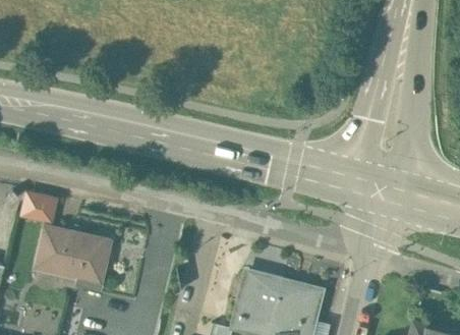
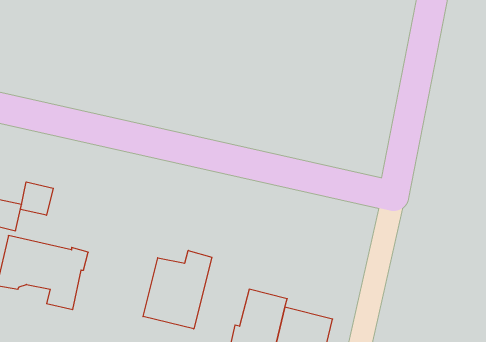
building: none -> [21,182,53,215]
building: none -> [143,250,212,329]

